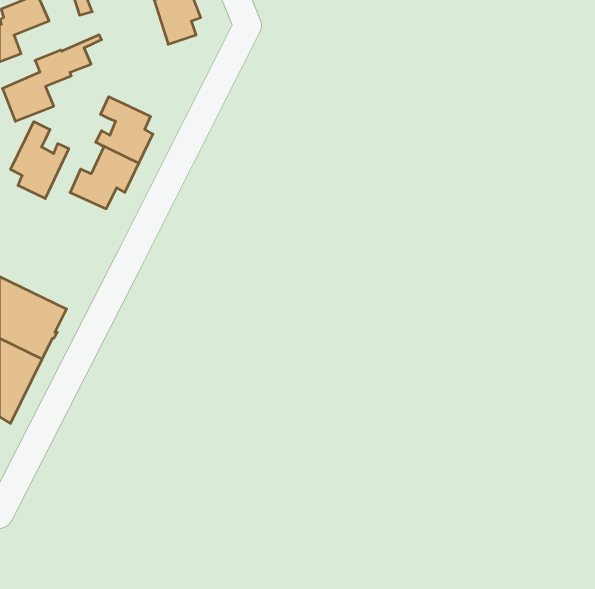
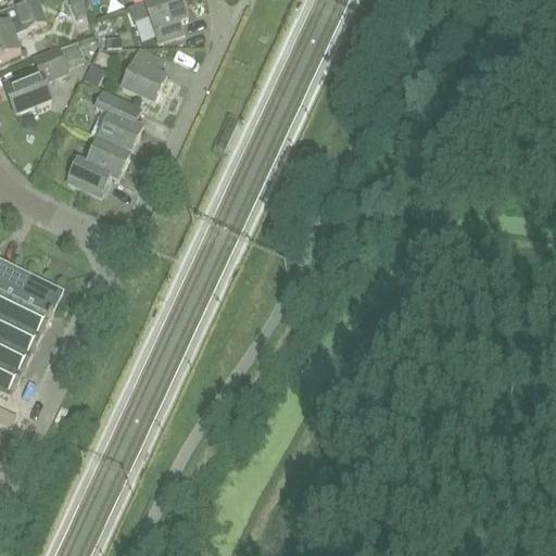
building: none -> [121,47,166,102]
building: [11,122,69,199] -> none

